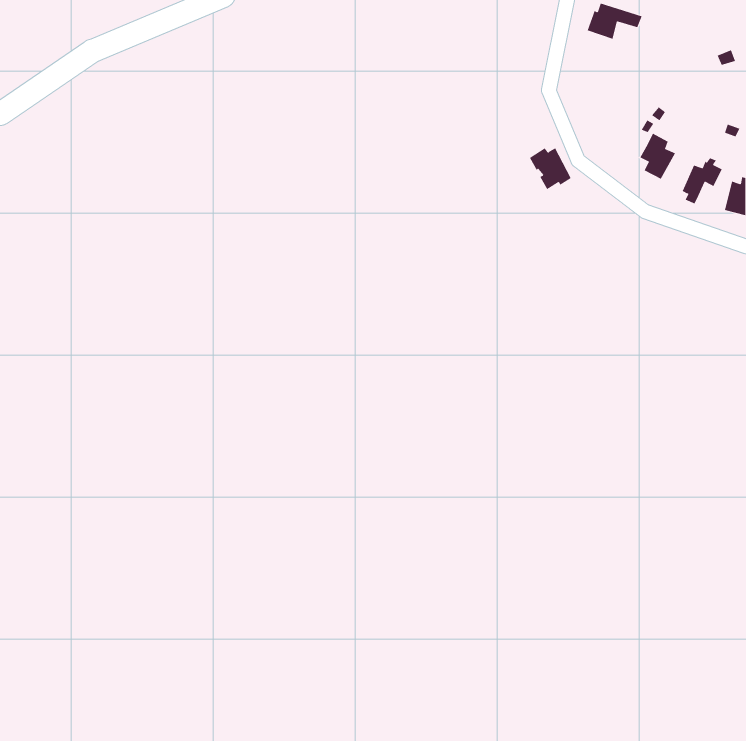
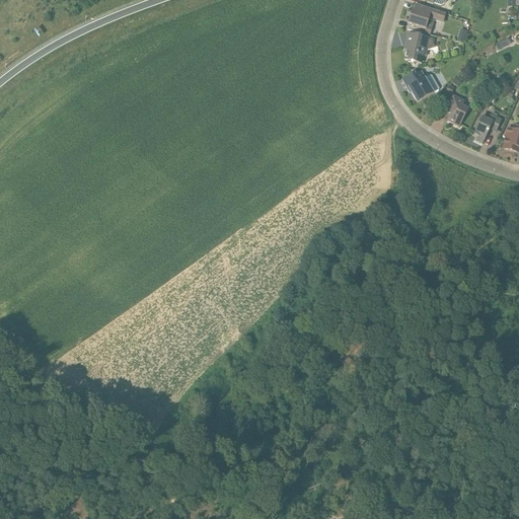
building: none -> [404,31,428,61]
building: [529,148,572,190] -> [403,70,433,99]

